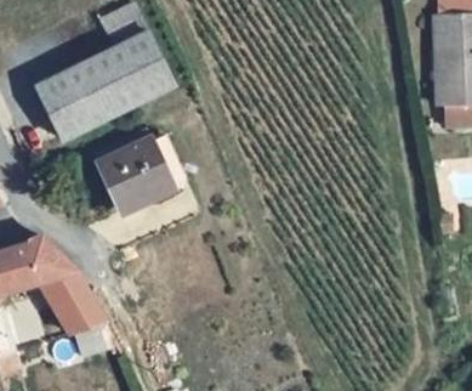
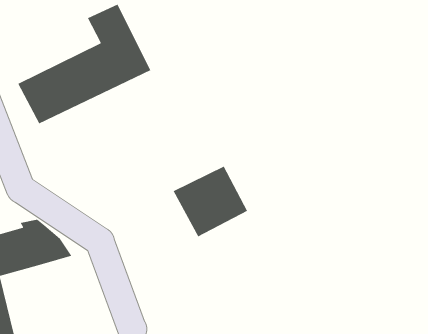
building: [85,131,161,204] -> [173,166,248,237]
building: [42,272,104,333] -> none

